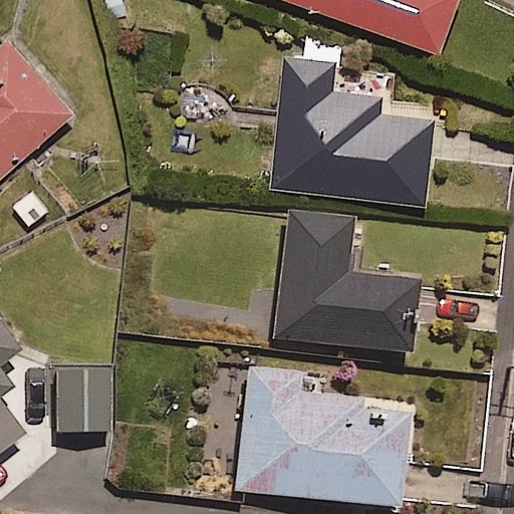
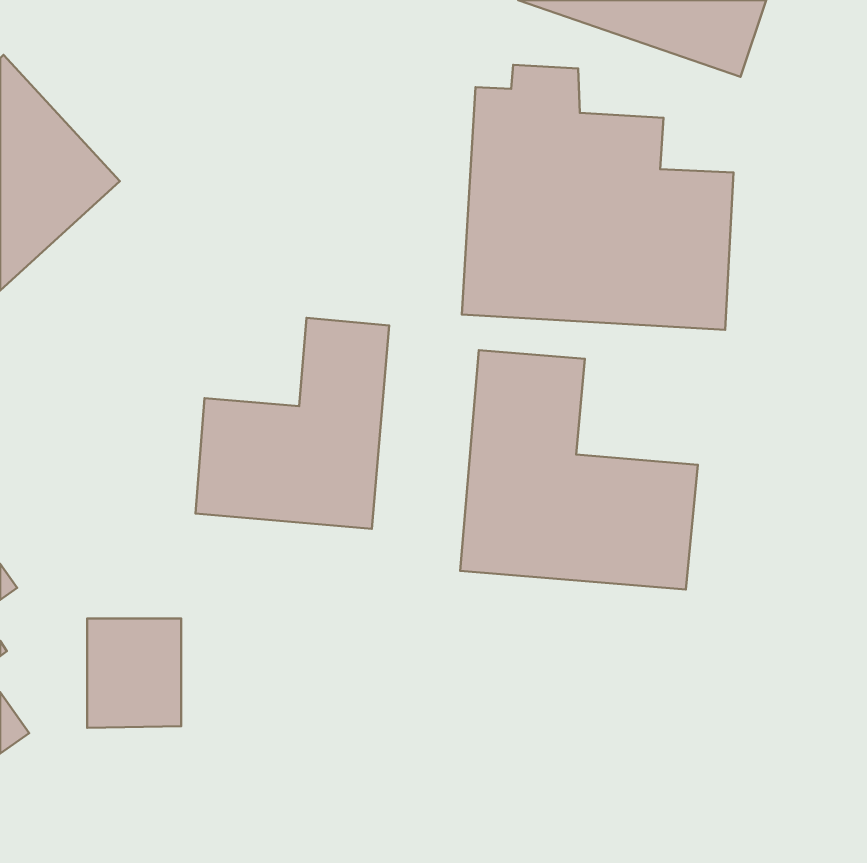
building: none -> [196,318,389,529]
building: [235,368,403,506] -> none

